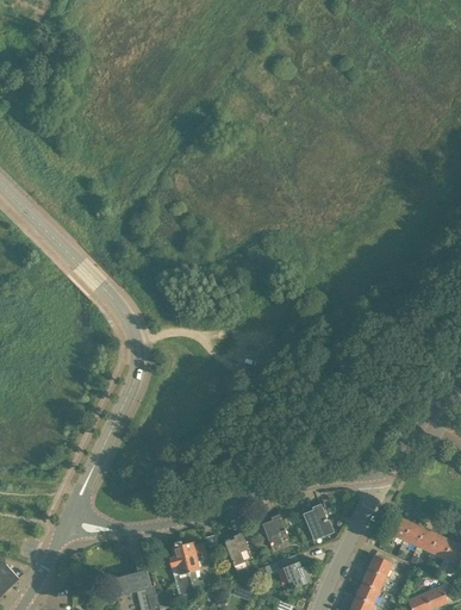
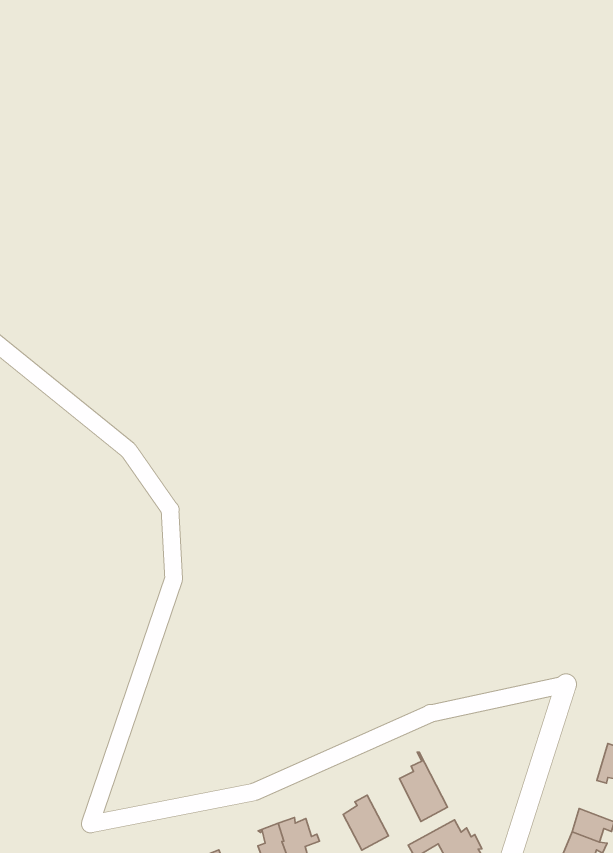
building: [304,505,334,542] -> none

